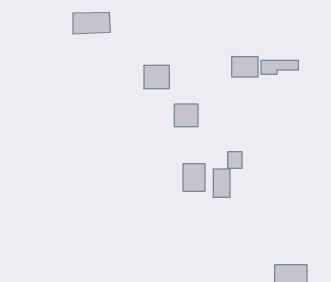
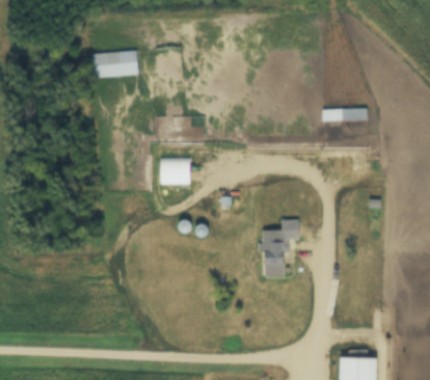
building: [232,56,258,77] -> none
building: [174,104,198,126] -> [160,158,189,185]
building: [183,164,205,191] -> none

